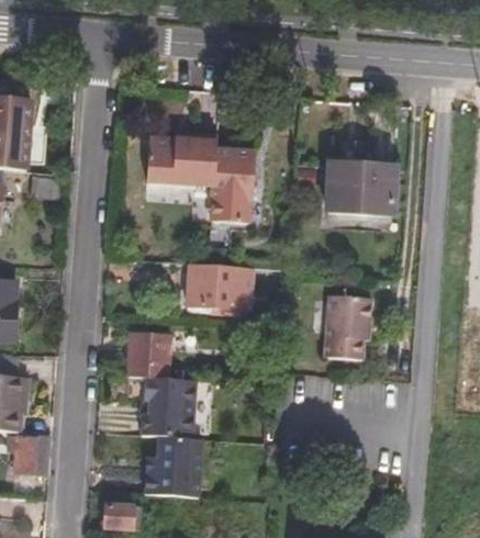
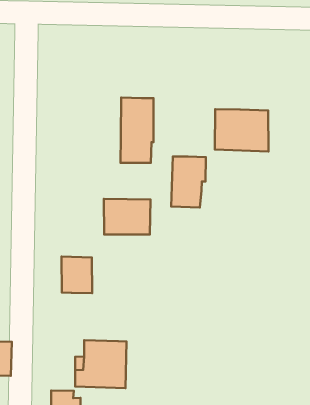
building: [146,135,217,190] -> none
building: [328,293,375,358] -> [171,156,206,208]
building: [137,378,200,440] -> none

